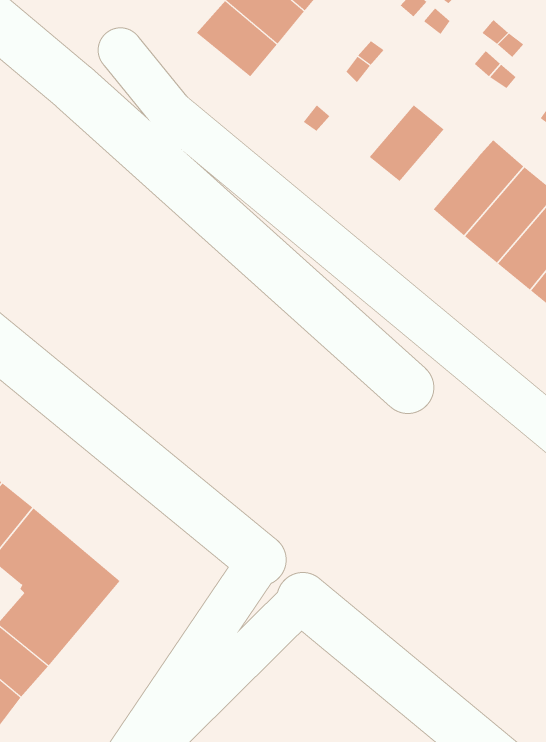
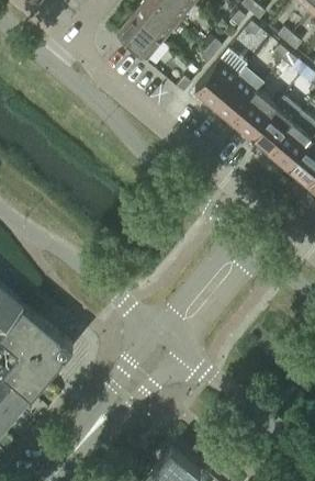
building: none -> [194,51,247,107]
building: none -> [230,91,274,136]

